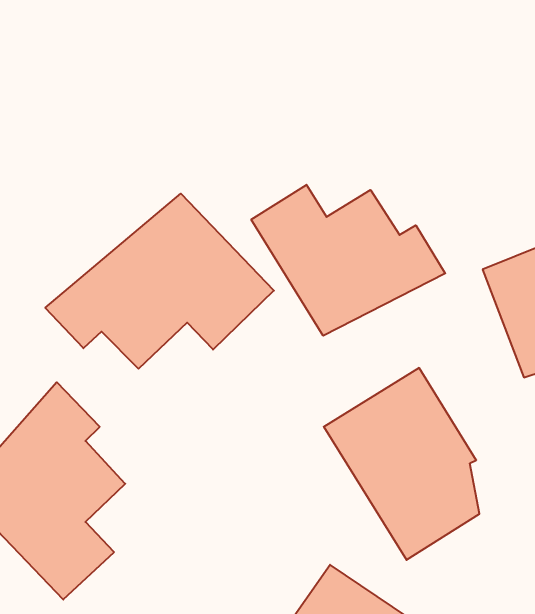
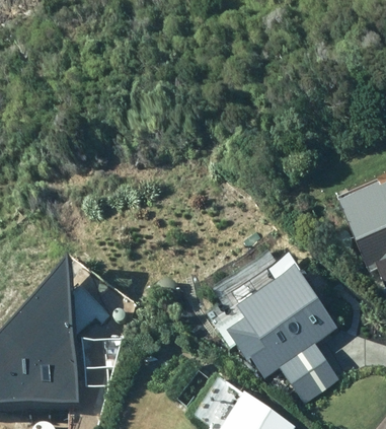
building: [251,185,445,336] -> none
building: [45,194,274,369] -> none

